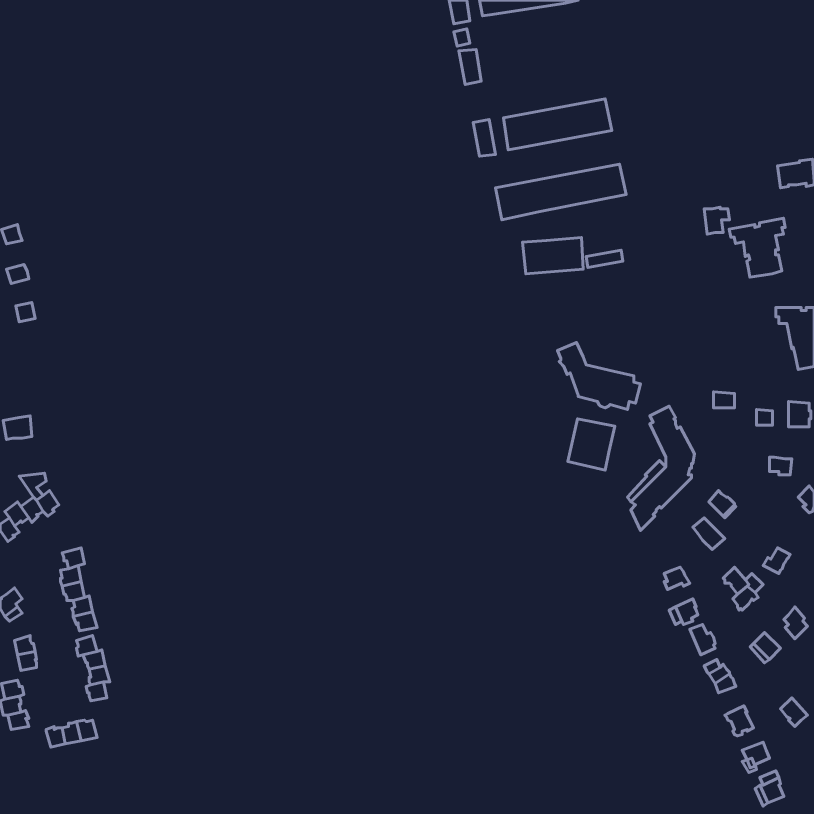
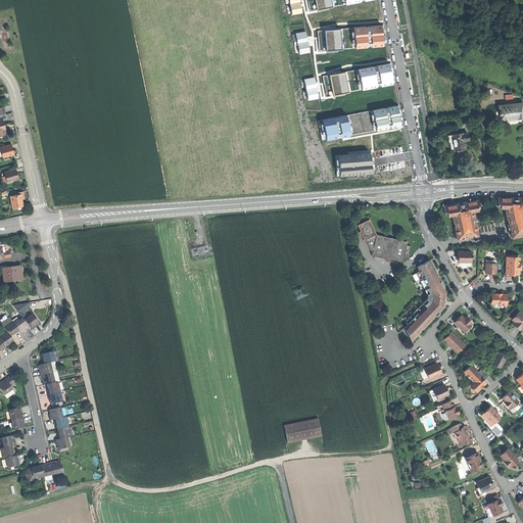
building: none -> [318,26,383,51]
building: [729,218,785,277] -> [443,199,479,237]
building: [568,419,615,470] -> none
building: none -> [283,418,321,443]

